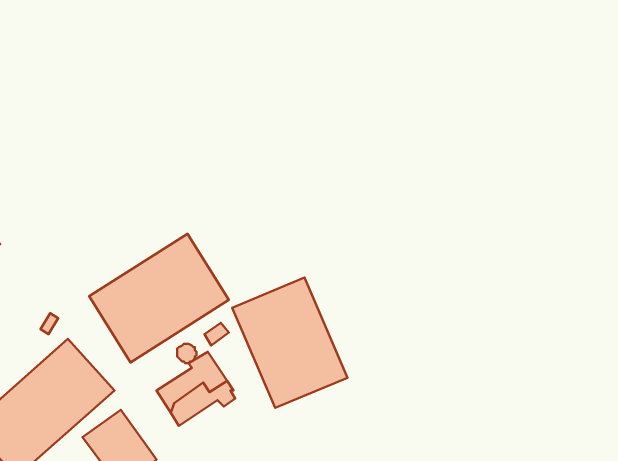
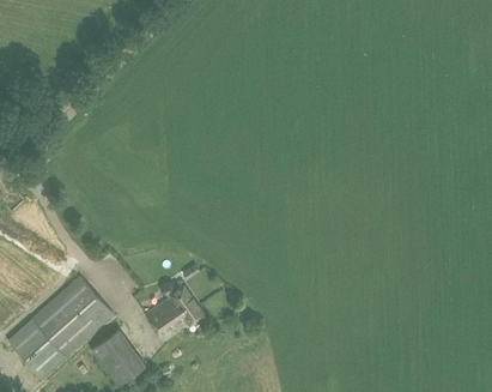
building: [89,234,229,362] -> none
building: [232,278,347,408] -> none

